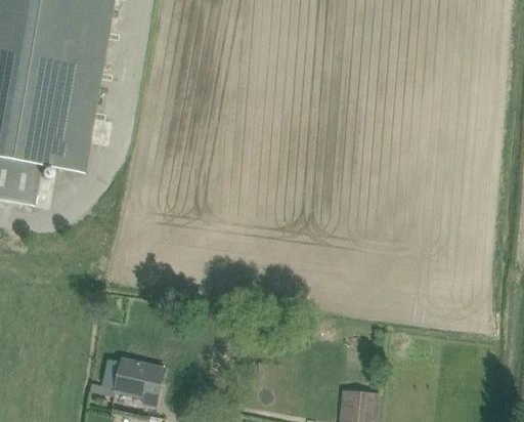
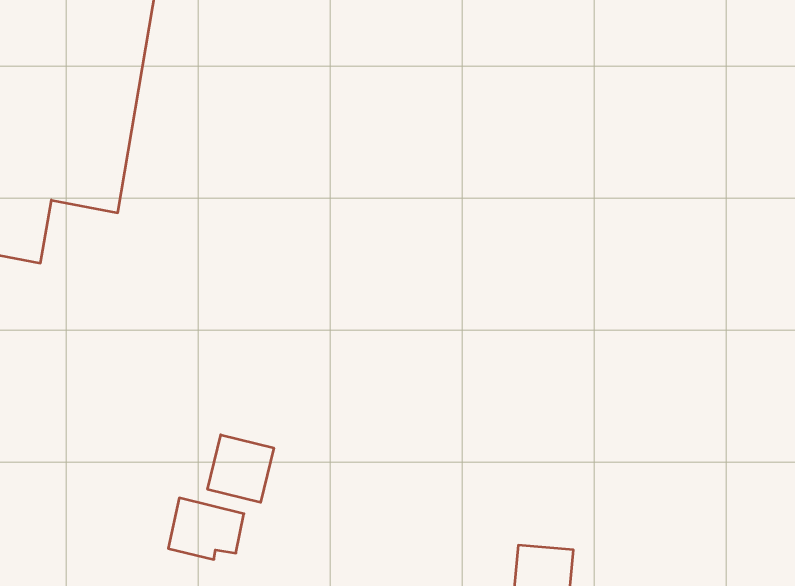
building: none -> [208,435,274,502]

